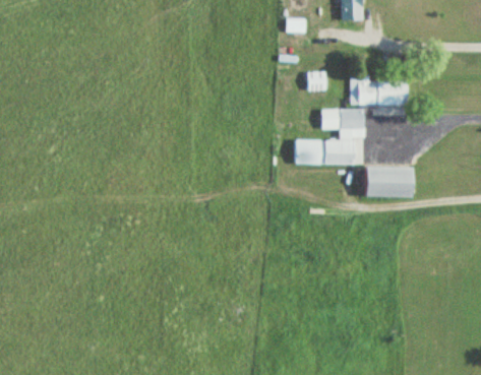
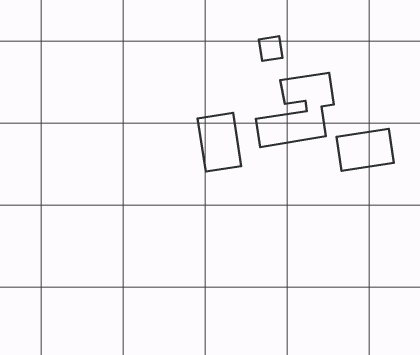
building: [353,76,407,106] -> none
building: none -> [198,113,241,172]

